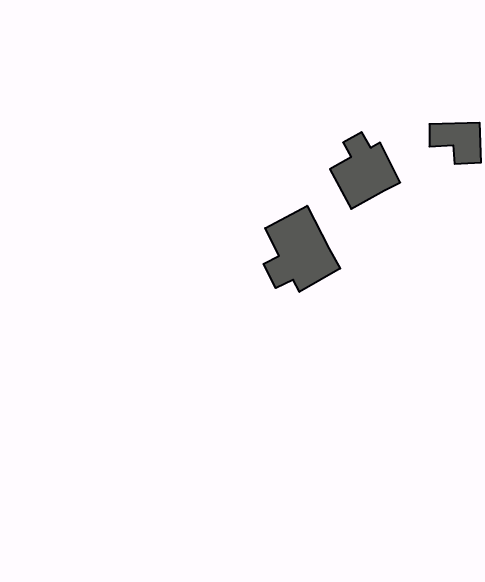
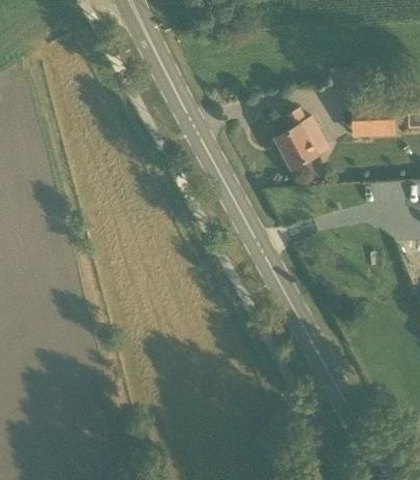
building: [263,206,340,292] -> none

